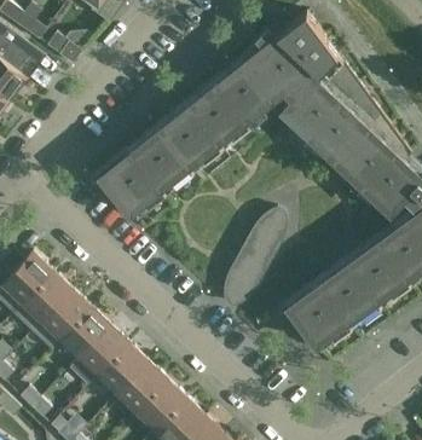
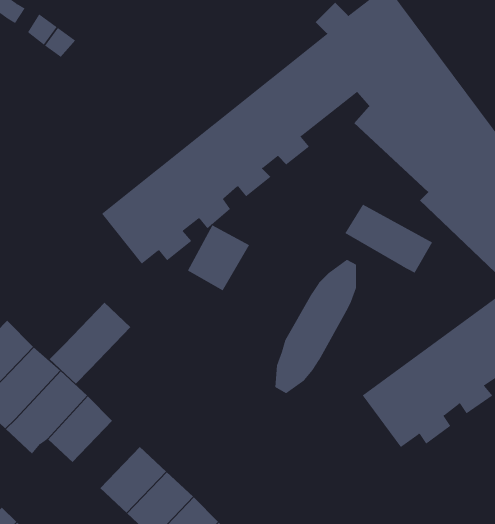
building: none -> [344,204,433,273]
building: none -> [187,225,250,291]
building: [69,324,128,383] -> [49,302,131,384]

